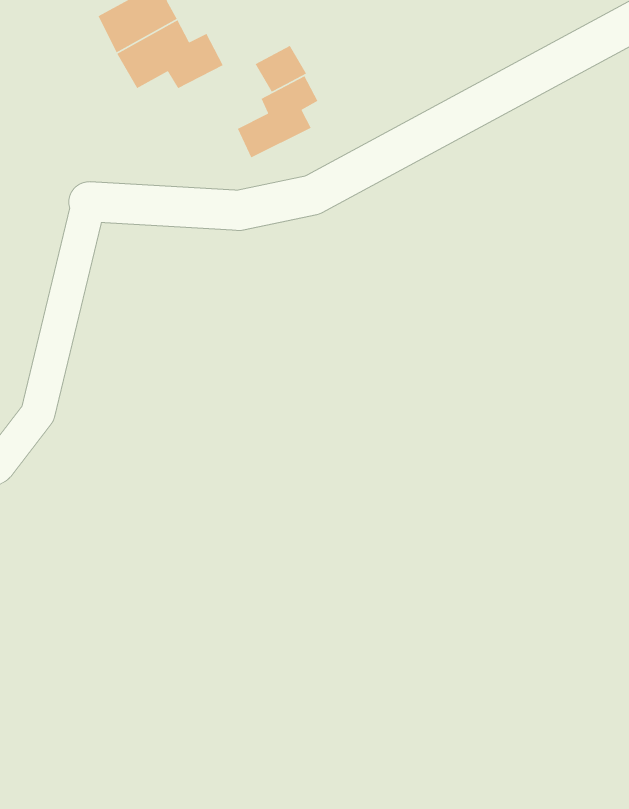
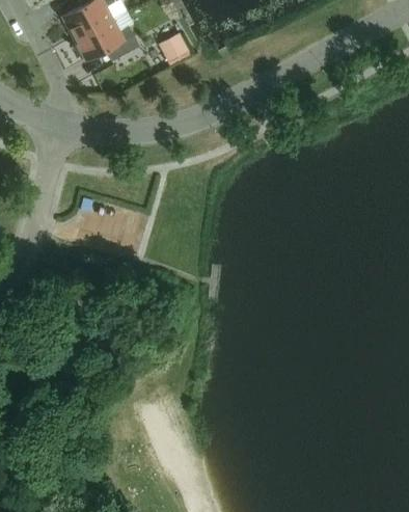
building: [237,75,319,159] -> none

